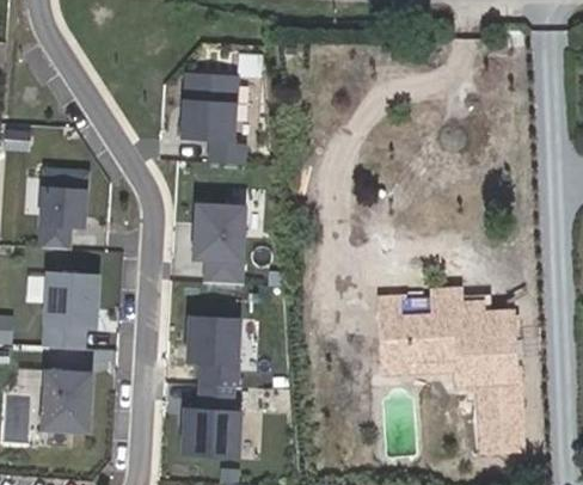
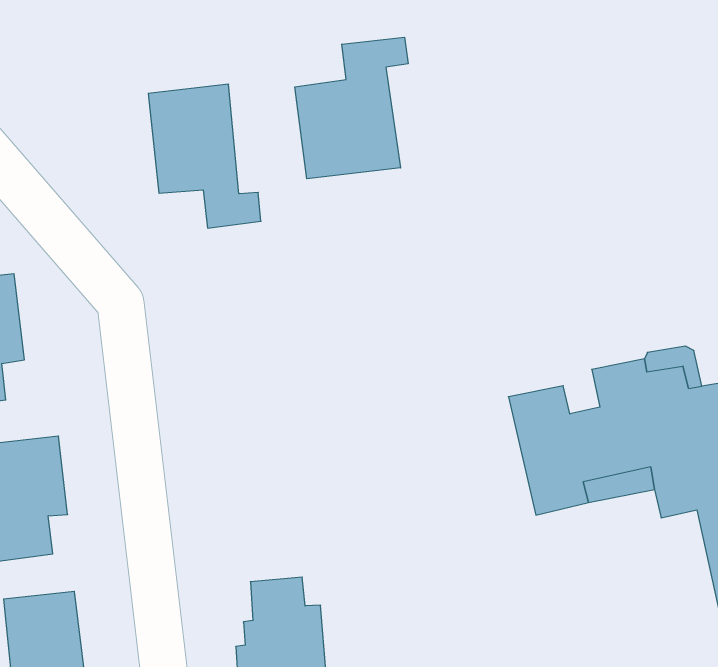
building: none -> [295,37,408,179]
building: [194,204,245,284] -> none
building: [188,315,240,387] -> none

